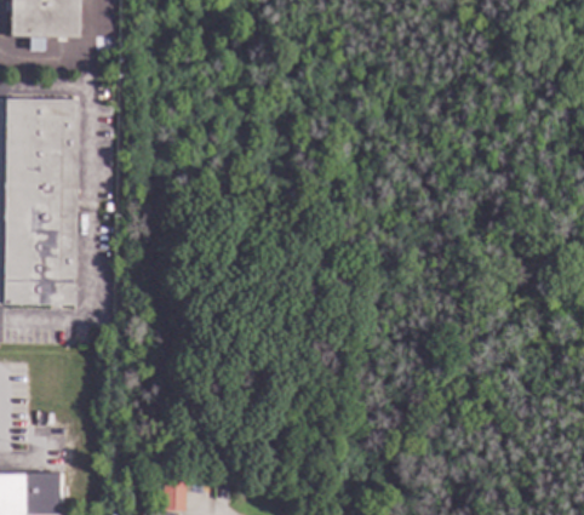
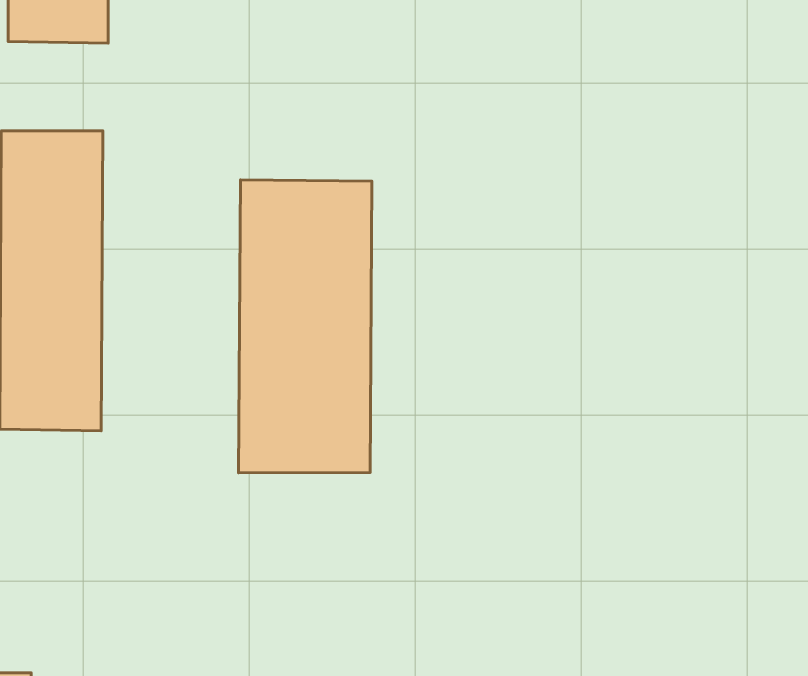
building: none -> [239,180,372,473]

